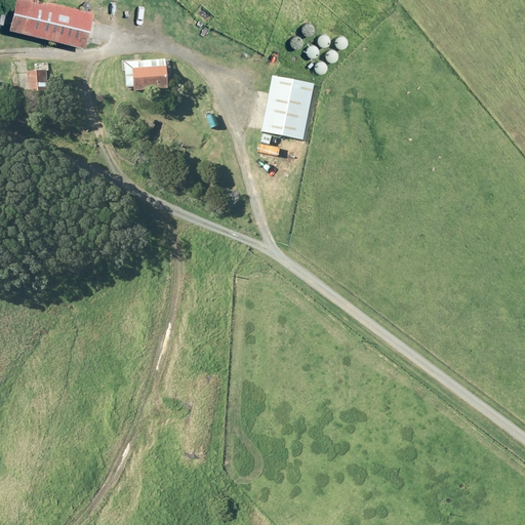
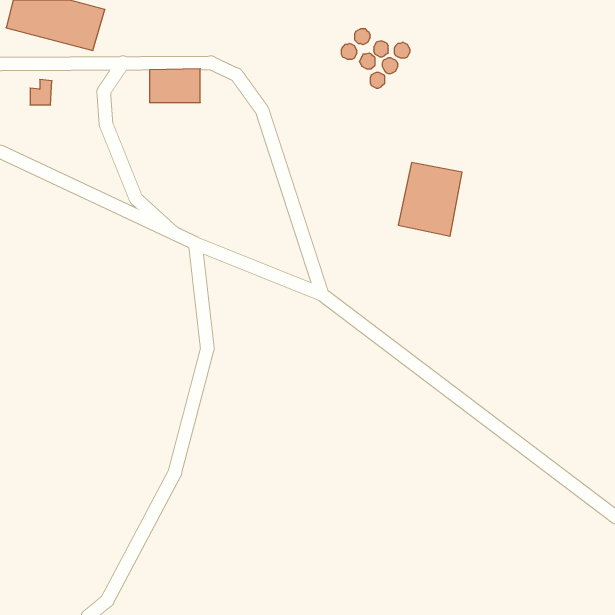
building: [259,78,314,140] -> [398,163,462,236]

